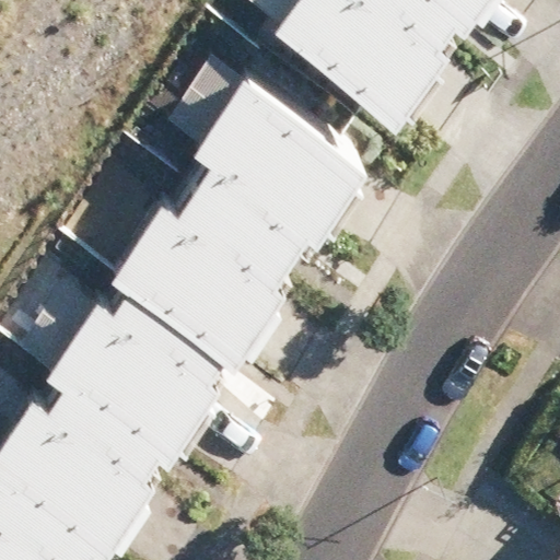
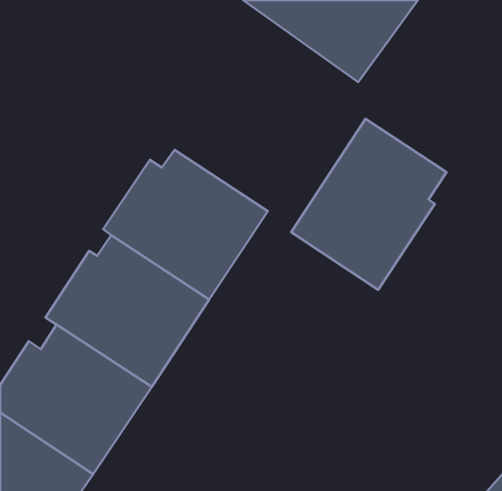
building: [198,77,364,250] -> none
building: none -> [291,119,446,290]

